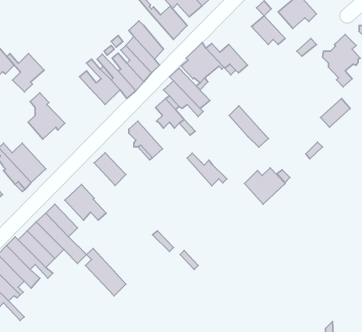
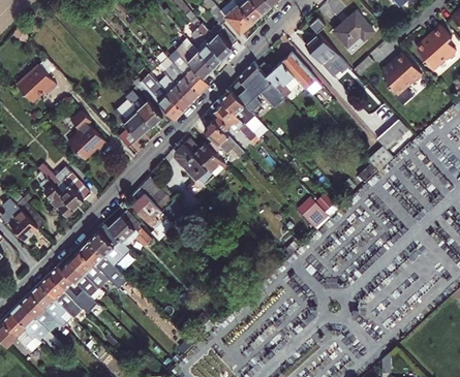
building: none -> [190,29,222,69]
building: [7,54,44,92] -> [112,109,151,150]
building: [229,106,269,147] -> [280,54,321,97]
building: [187,153,227,186] -> [185,139,226,174]
building: [85,249,126,296] -> [131,188,174,238]

